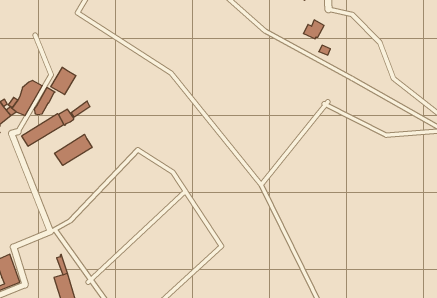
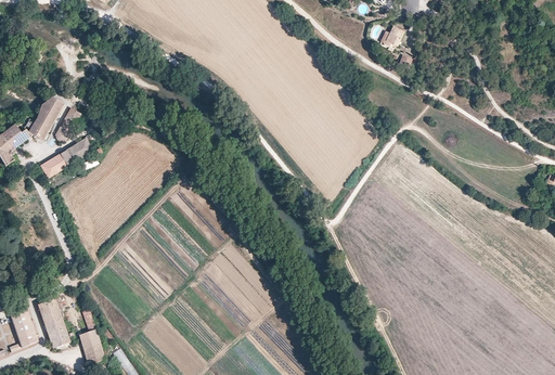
building: [51,67,76,95] -> none
building: [55,134,92,165] -> none
building: none -> [37,297,69,347]

